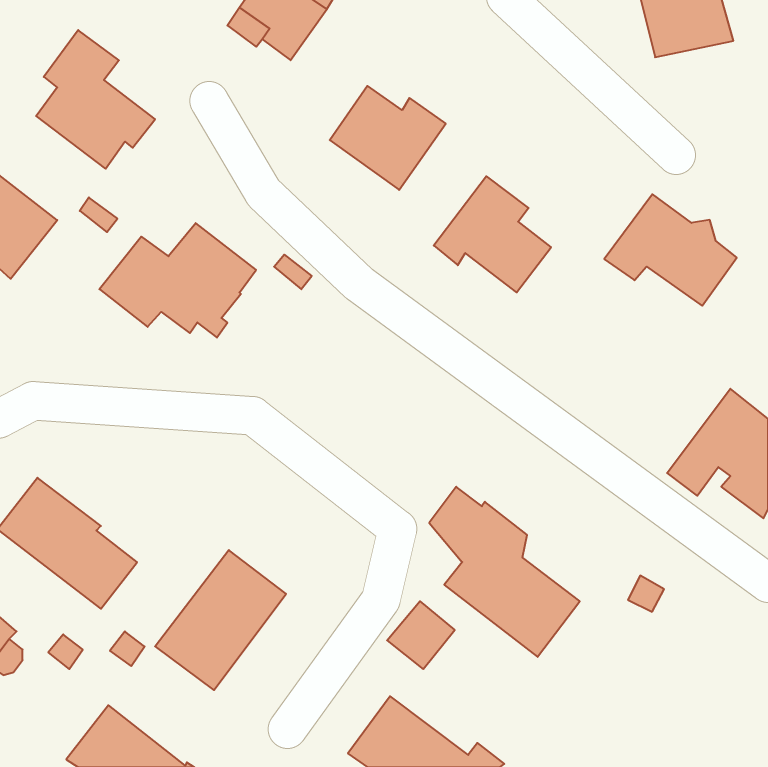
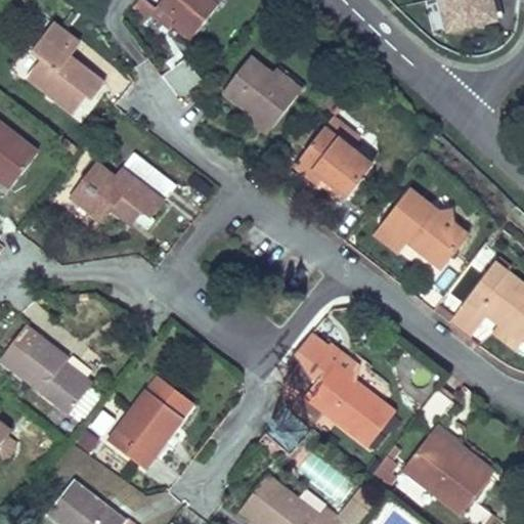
building: [604,194,737,306] -> [378,193,468,269]
building: none -> [401,425,494,515]

